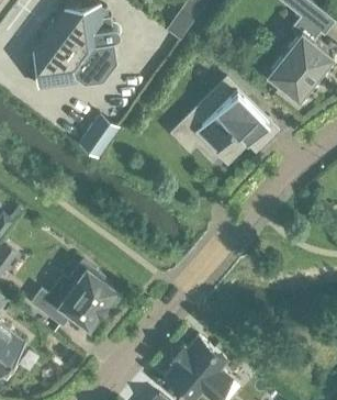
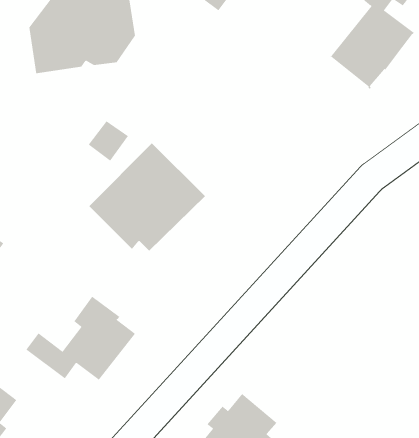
building: [179,77,270,162] -> [88,143,206,251]

